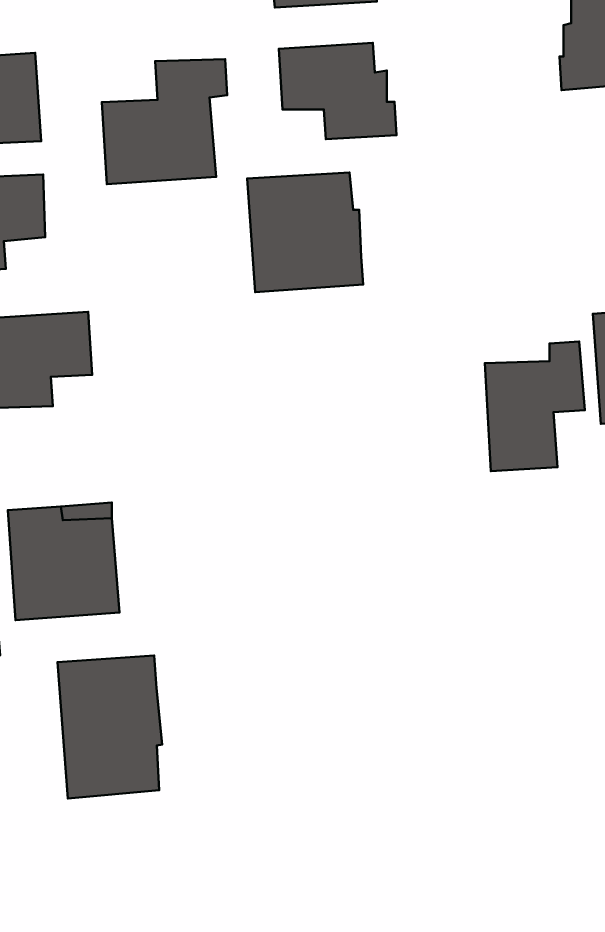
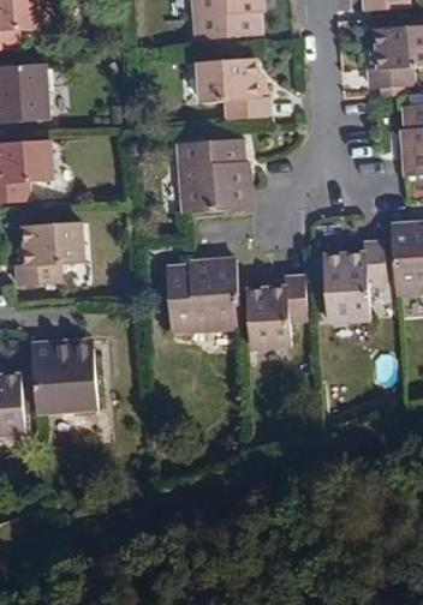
building: [102,59,227,184] -> none
building: none -> [166,259,238,331]
building: none -> [246,276,306,347]
building: [58,655,162,798] -> none

